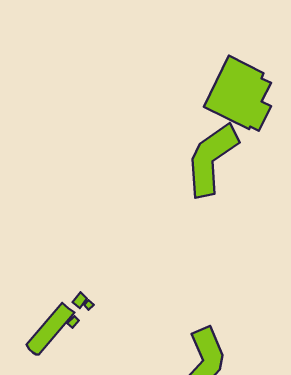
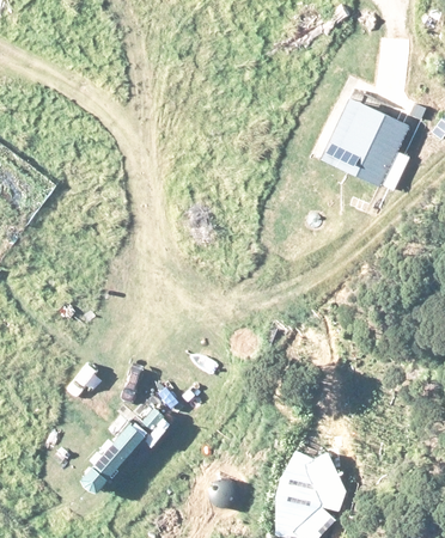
building: [193,123,240,198] -> none

